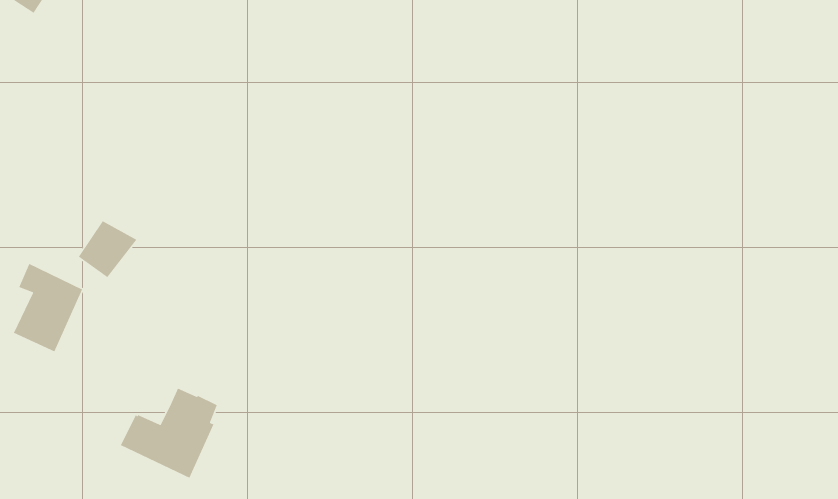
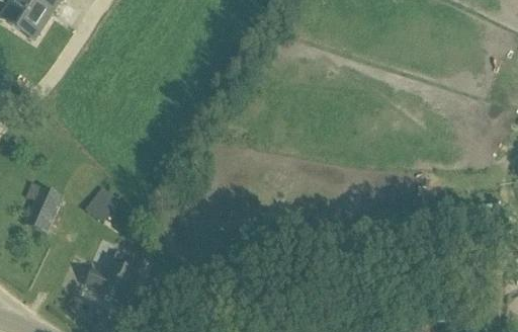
building: [78,220,137,278] -> [85,188,119,222]

